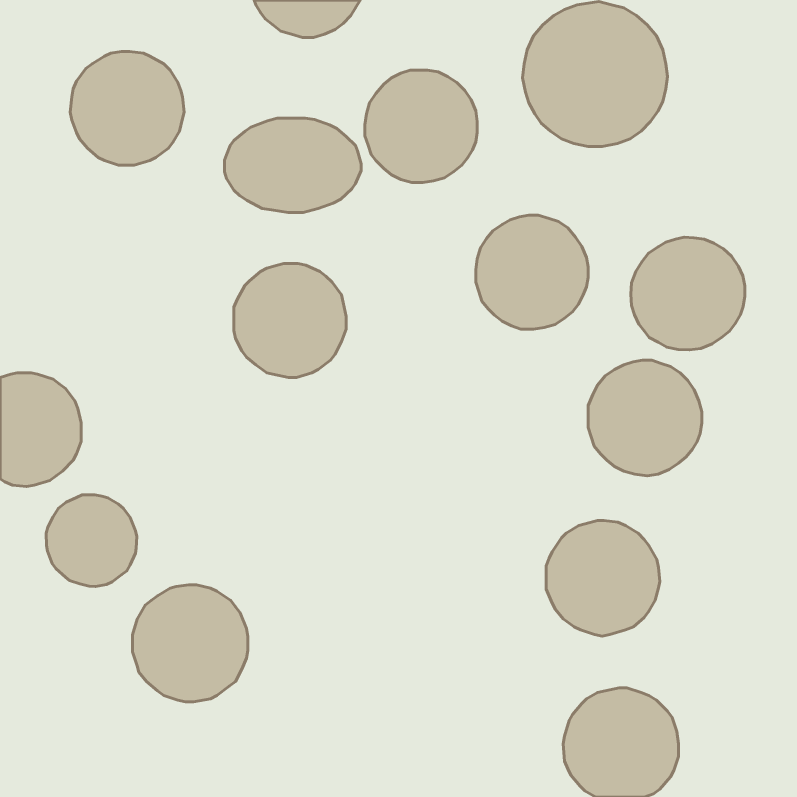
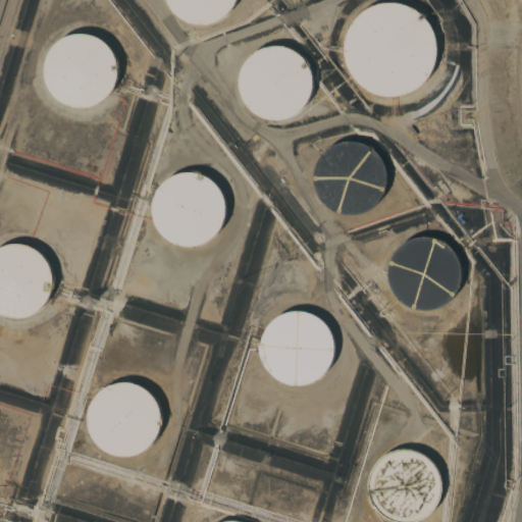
building: [225,118,361,212] -> none
building: [631,237,745,350] -> none
building: [46,495,137,586] -> none
building: [546,521,660,636] -> [261,310,335,385]

